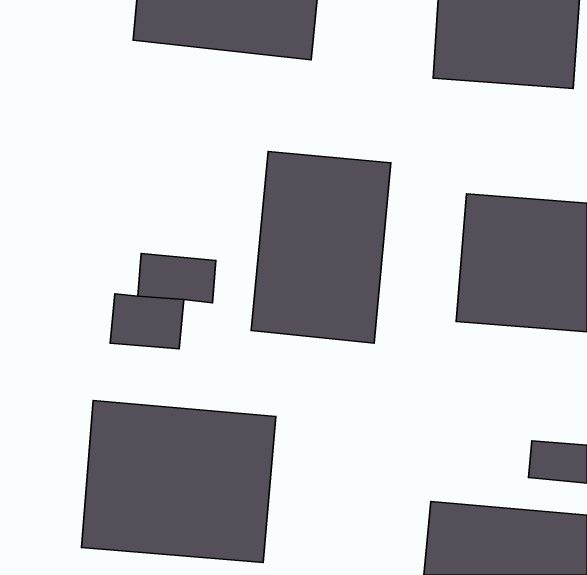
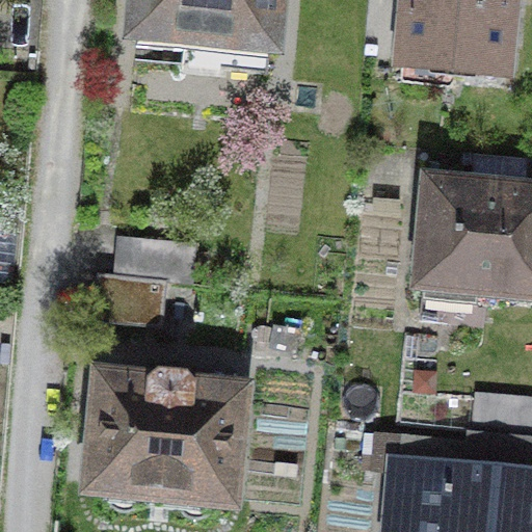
building: [251,151,391,343] -> none

